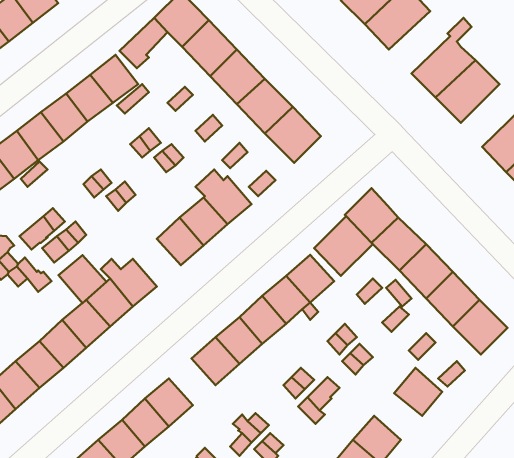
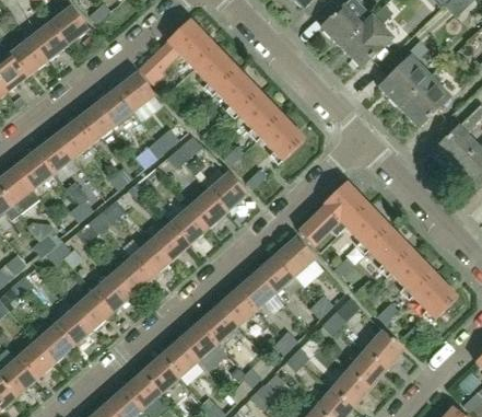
building: [59,255,107,303] -> [150,223,189,263]
building: none -> [179,322,226,371]
building: none -> [348,350,387,389]

